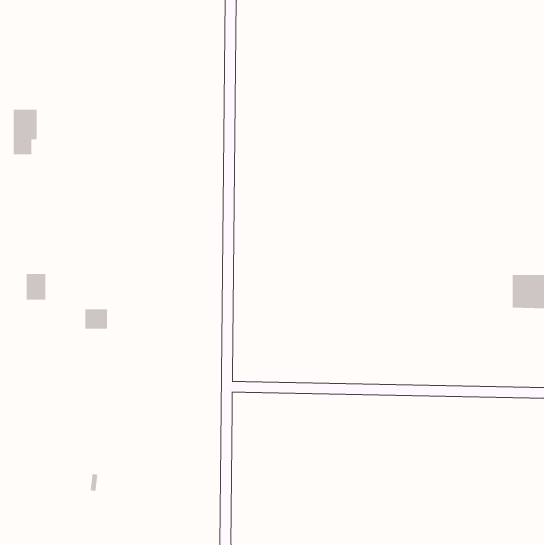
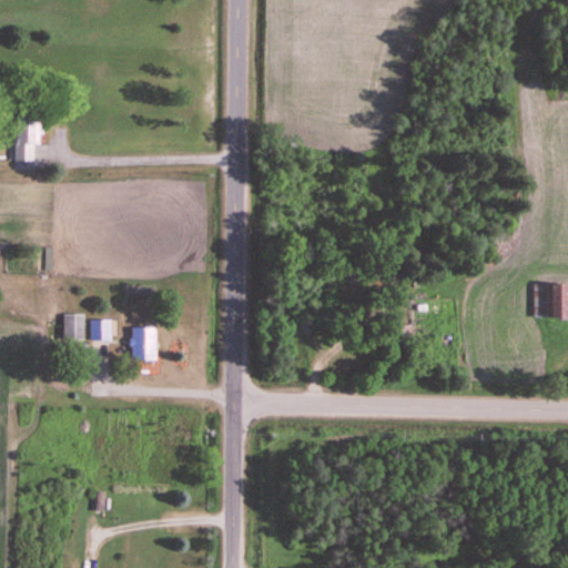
building: [26,274,46,300] -> [64,314,85,342]
building: none -> [132,328,156,362]

